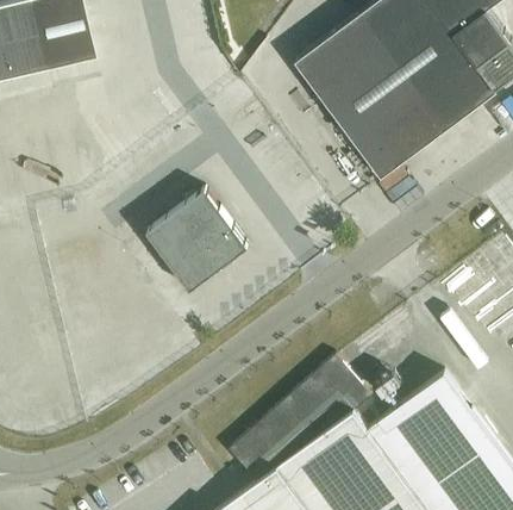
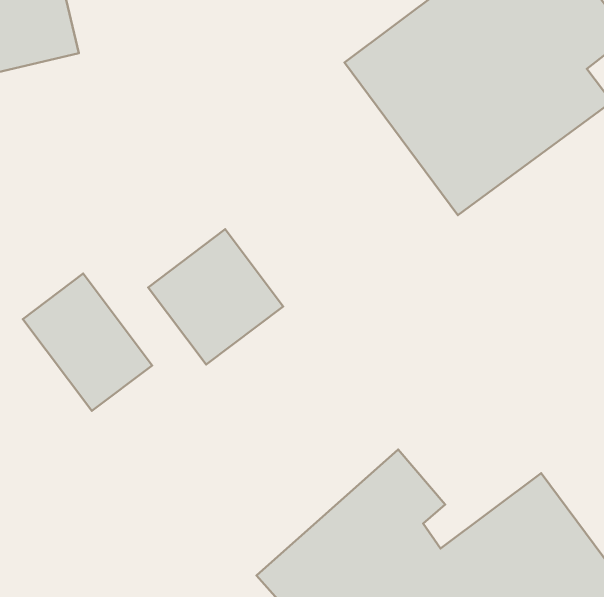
building: none -> [23,274,152,411]

